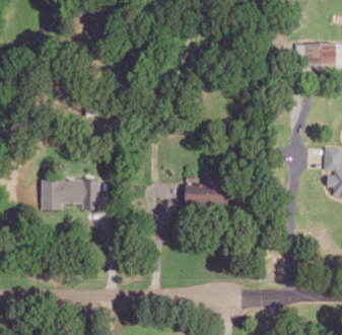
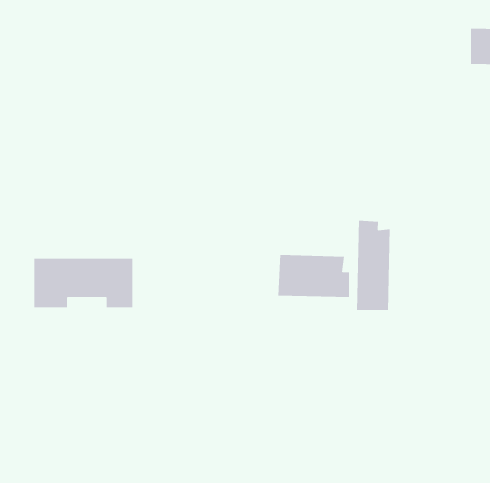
building: none -> [356,220,390,311]

